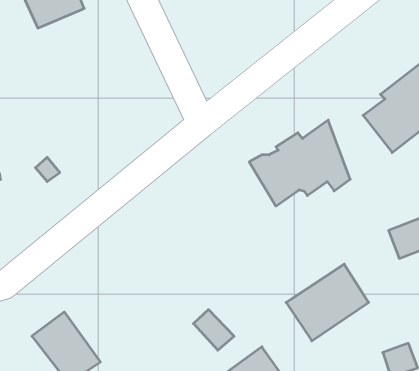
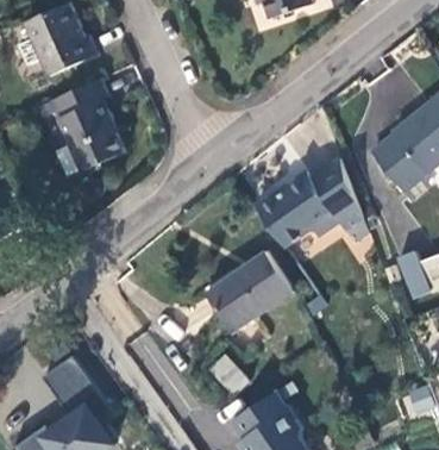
building: none -> [46,69,119,163]
building: [286,264,369,341] -> [207,256,291,335]

